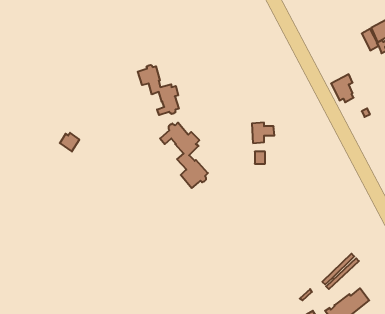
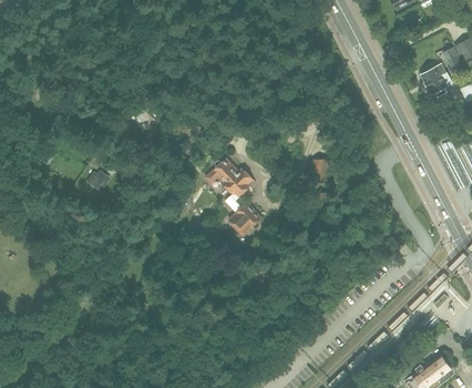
building: [138,65,179,115] -> none
building: [331,74,354,102] -> [420,62,447,95]

